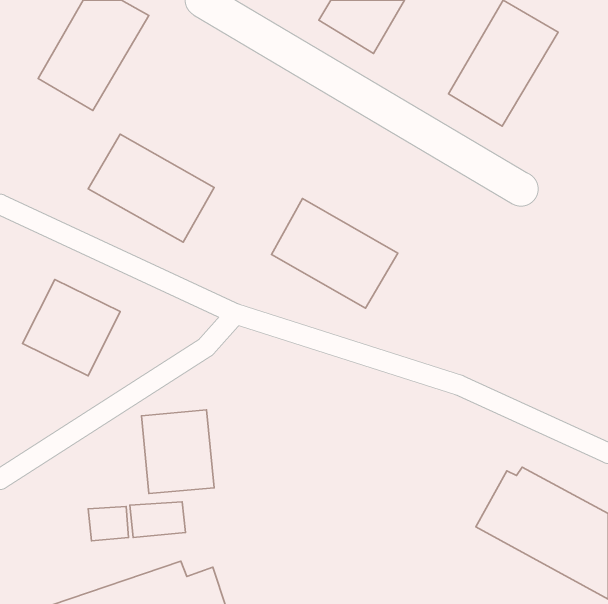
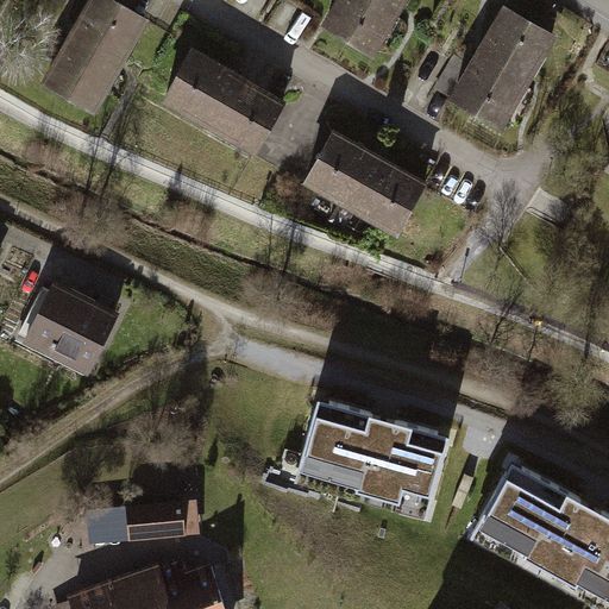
building: [88,134,214,242] -> [159,46,285,155]
building: [272,199,398,308] -> [302,127,428,237]
building: none -> [302,412,435,509]
building: [141,410,214,494] -> none

